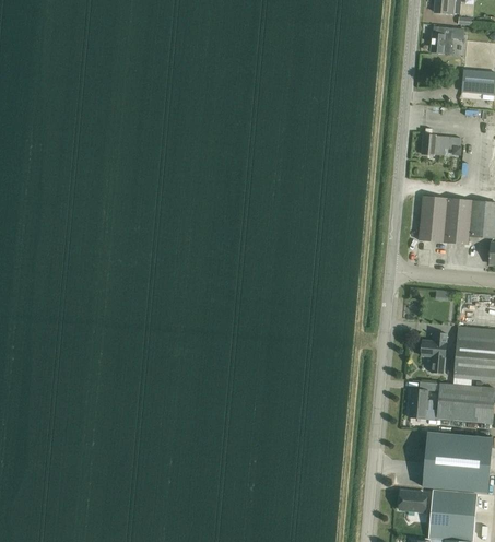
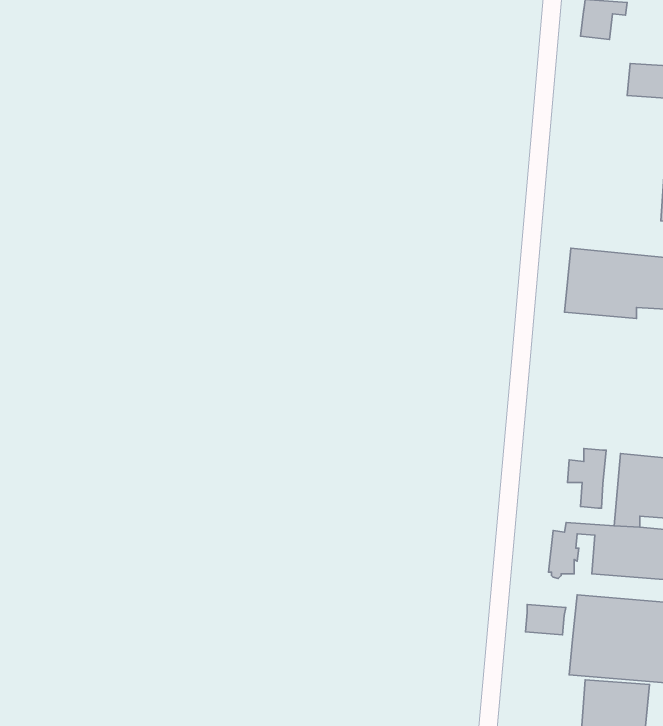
building: [422,134,461,156] -> none
building: [399,490,426,510] -> [526,604,566,635]

